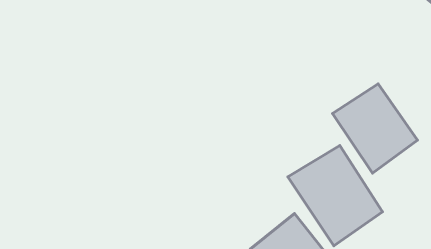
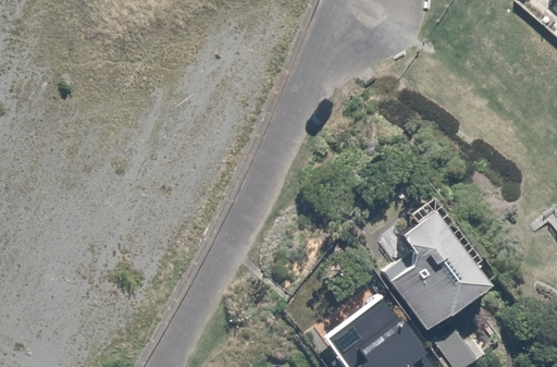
building: [332,84,417,173] -> none

